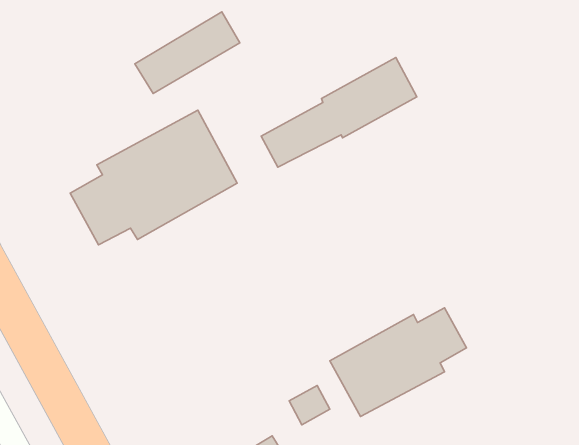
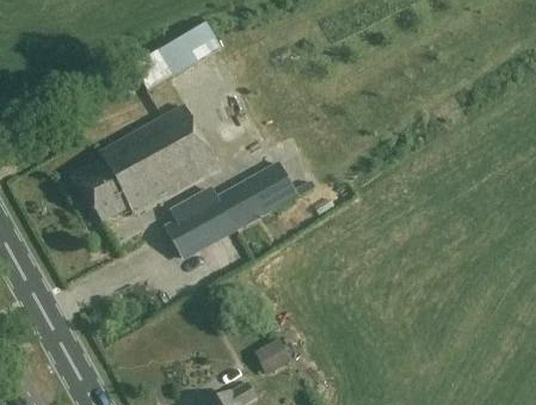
building: [261,58,417,167] -> [165,160,297,253]
building: [330,308,466,416] -> none

